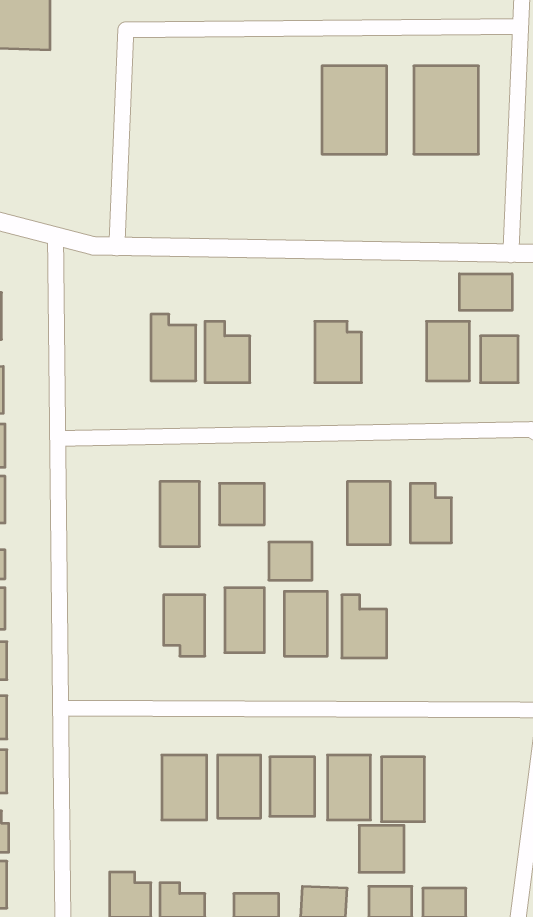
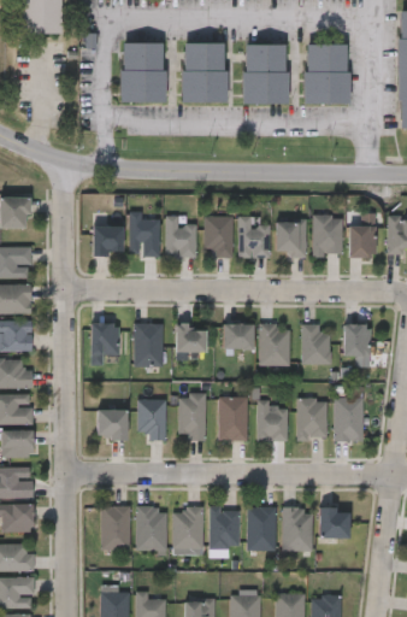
building: none -> [120,43,165,102]
building: none -> [182,43,226,102]
building: [459,274,512,310] -> none
building: none -> [204,217,231,258]
building: none -> [276,222,306,257]
building: none -> [92,227,122,255]
building: none -> [89,324,119,365]
building: none -> [344,325,370,357]
building: [269,542,312,580] -> [224,325,253,351]
building: none -> [334,398,362,441]
building: none -> [296,399,326,439]
building: none -> [98,410,126,440]
building: none -> [101,506,129,551]
building: [359,825,404,872] -> [319,509,349,540]

